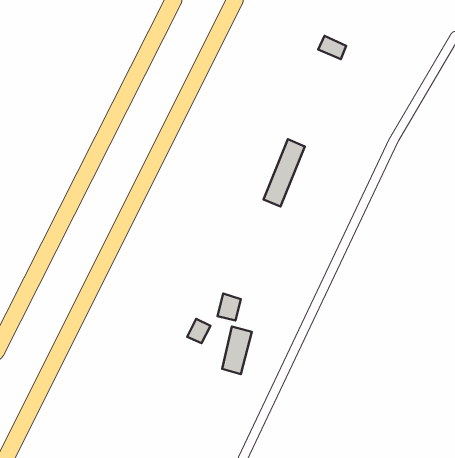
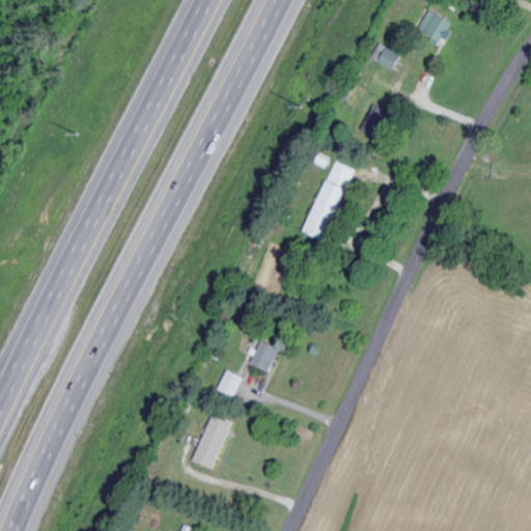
building: none -> [415,9,451,41]
building: [222,326,252,374] -> [195,414,229,469]

